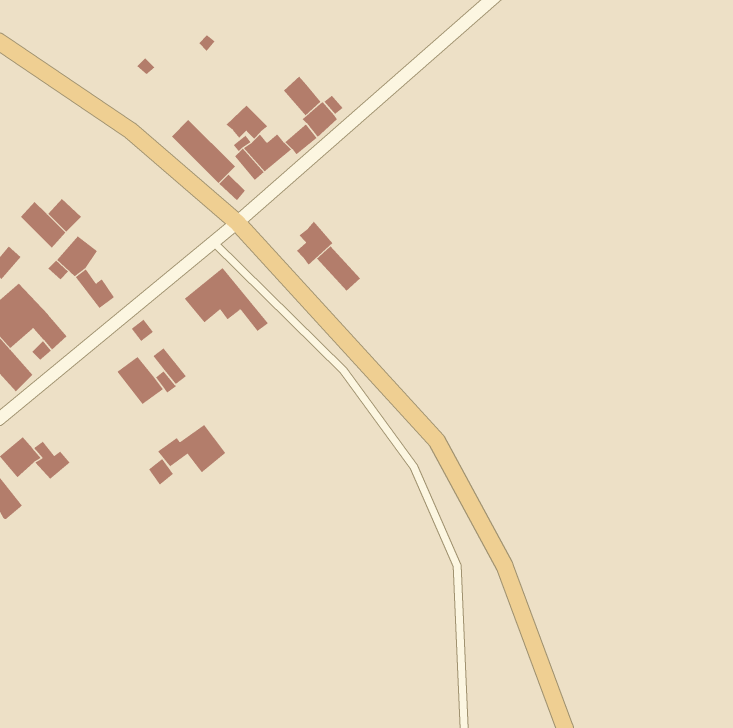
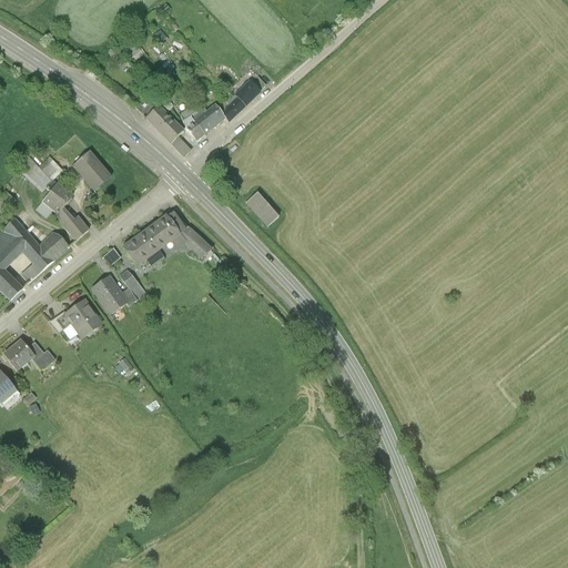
building: [283,76,321,116] -> none
building: [226,105,268,139] -> none
building: none -> [73,149,114,192]
building: [296,221,333,265] -> none
building: none -> [38,226,71,260]
building: none -> [121,231,163,266]
building: [157,424,226,473] -> [48,298,101,336]

